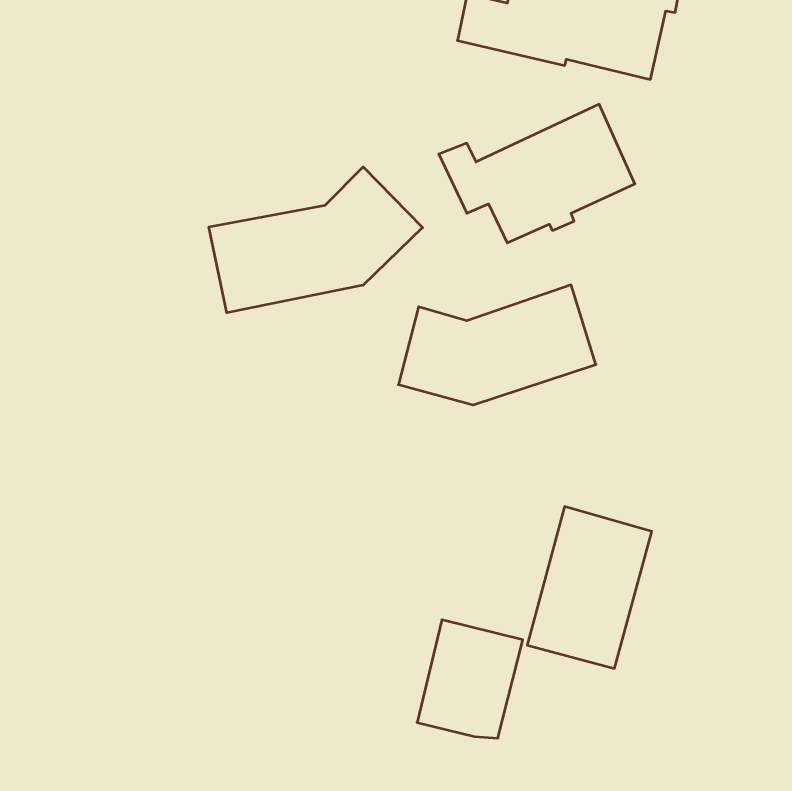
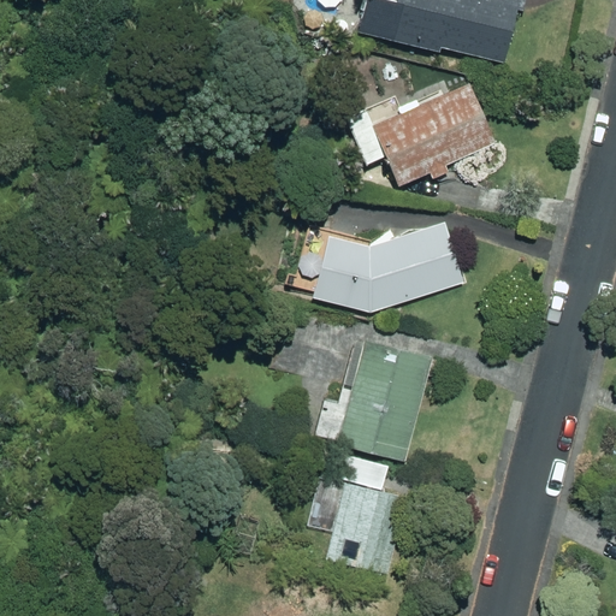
building: [209,167,423,313] -> none
building: [527,507,652,668] -> [334,337,431,462]

